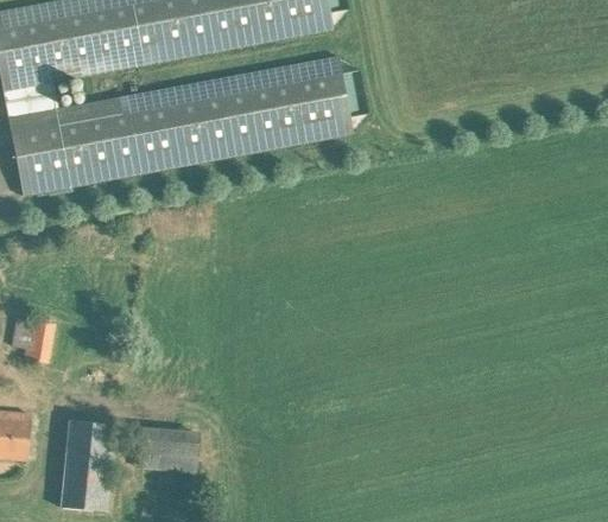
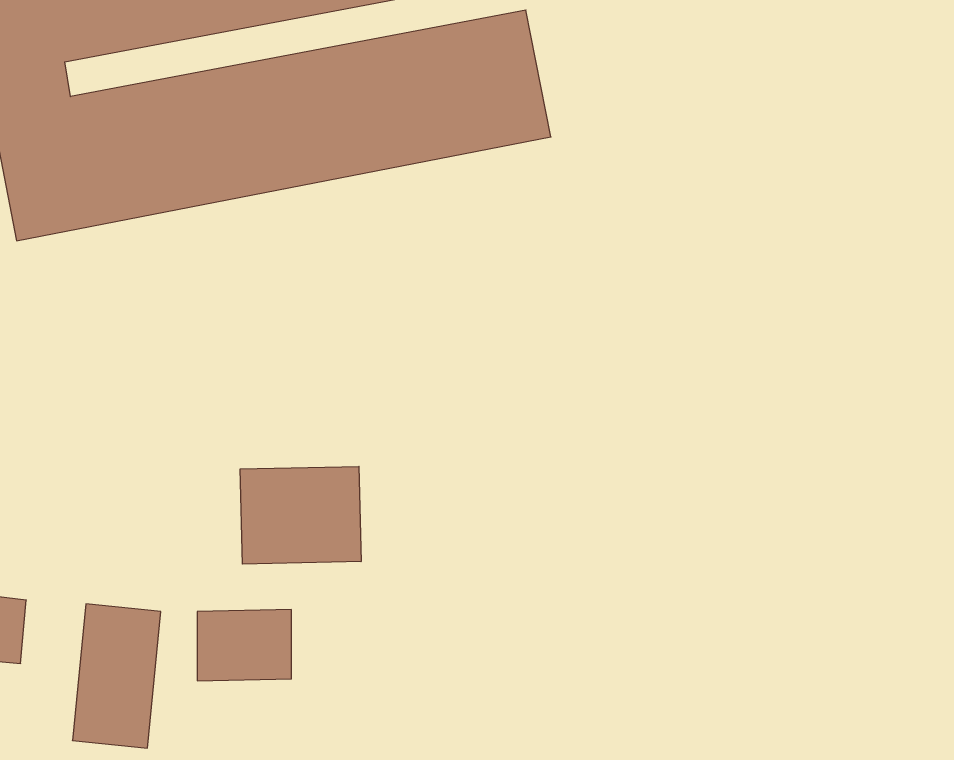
building: [24,316,55,358] -> none
building: none -> [240,466,361,564]

